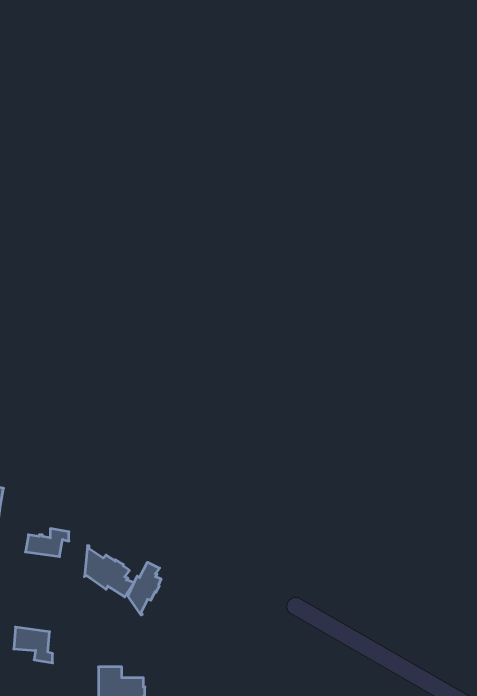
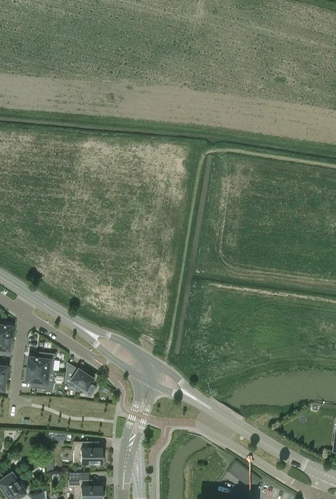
building: [127,562,161,615] -> none
building: [14,627,53,663] -> [25,367,50,390]

